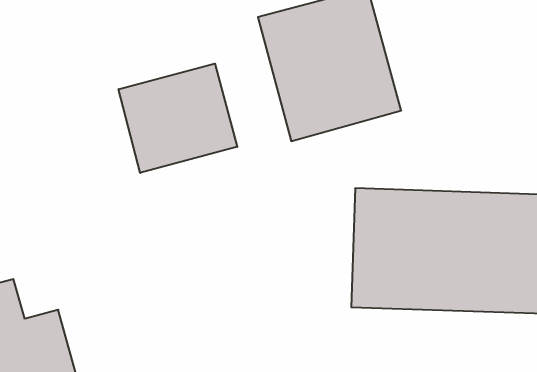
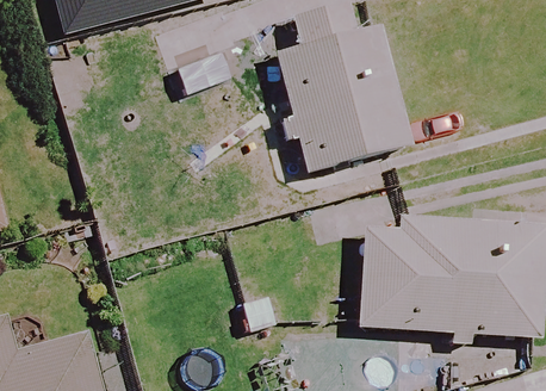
building: [119,64,237,173] -> none

